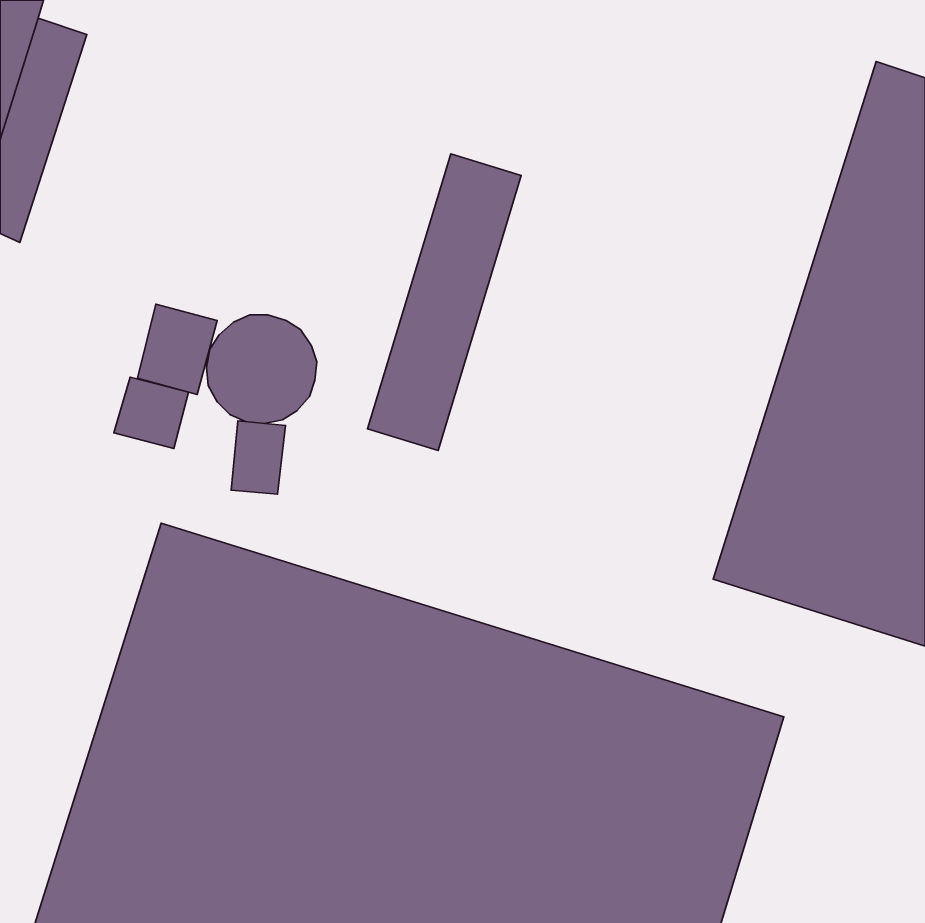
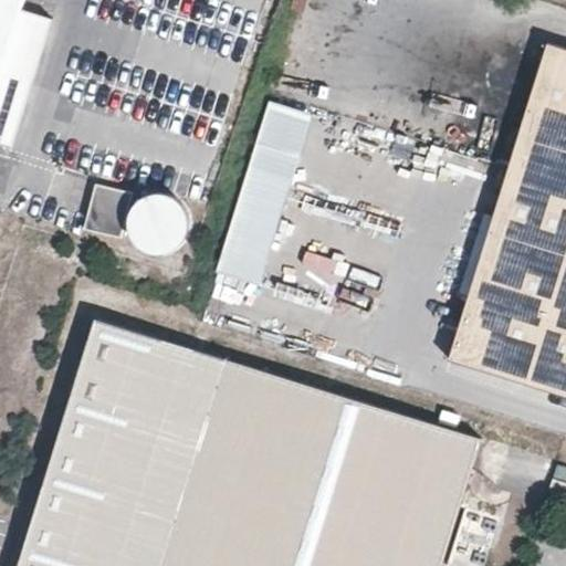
building: [114,377,189,449] -> none
building: [231,421,285,494] -> none

